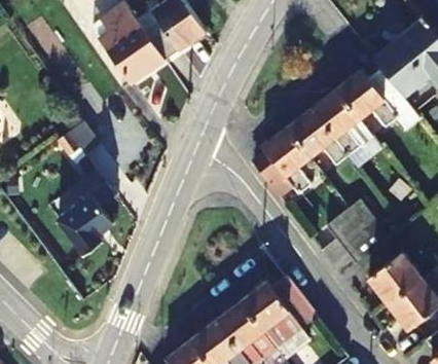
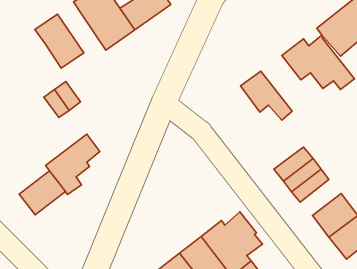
building: none -> [35,14,84,68]
building: [311,92,360,157] -> none
building: [261,128,313,196] -> none
building: none -> [19,171,65,215]

